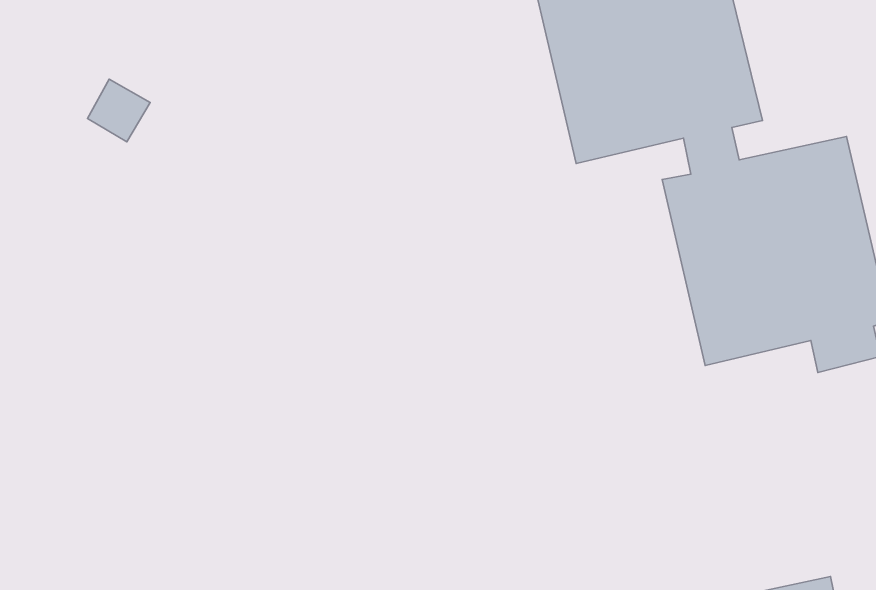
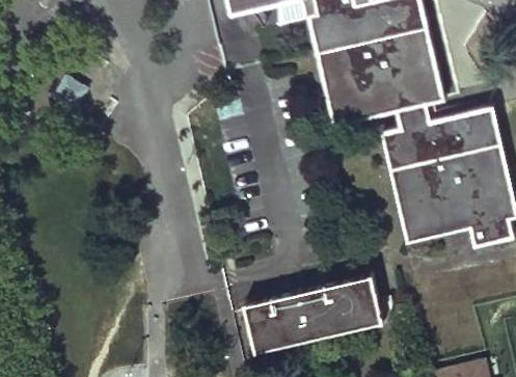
building: none -> [246,275,381,350]

